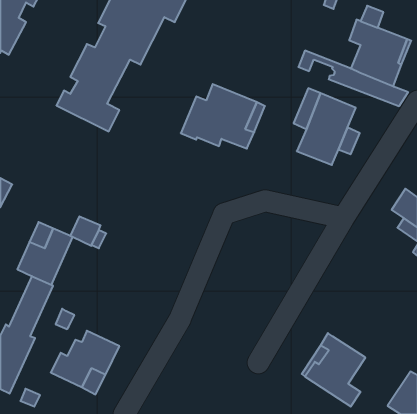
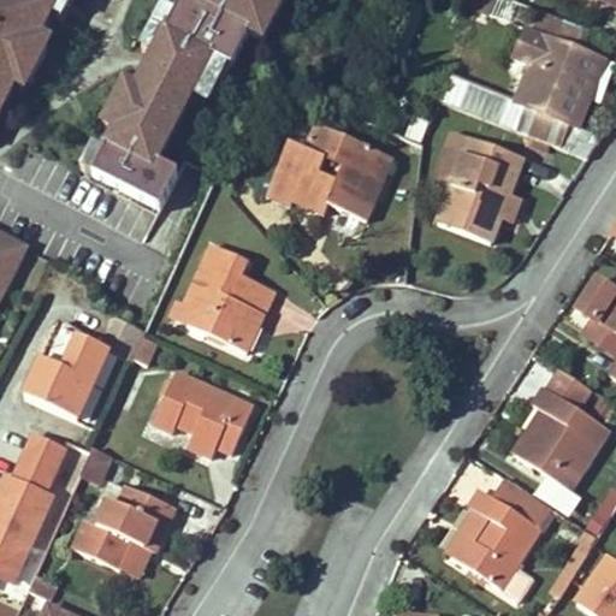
building: none -> [183,243,277,353]
building: none -> [515,369,608,490]
building: none -> [154,373,255,456]
building: none -> [491,475,552,527]

